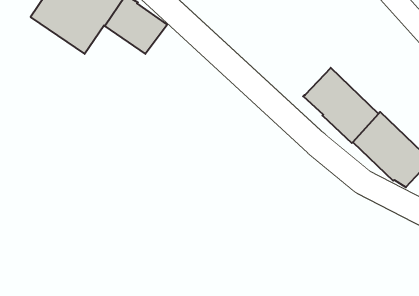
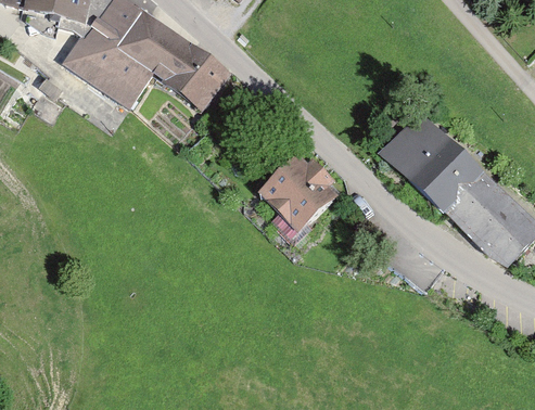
building: none -> [260,156,333,230]

